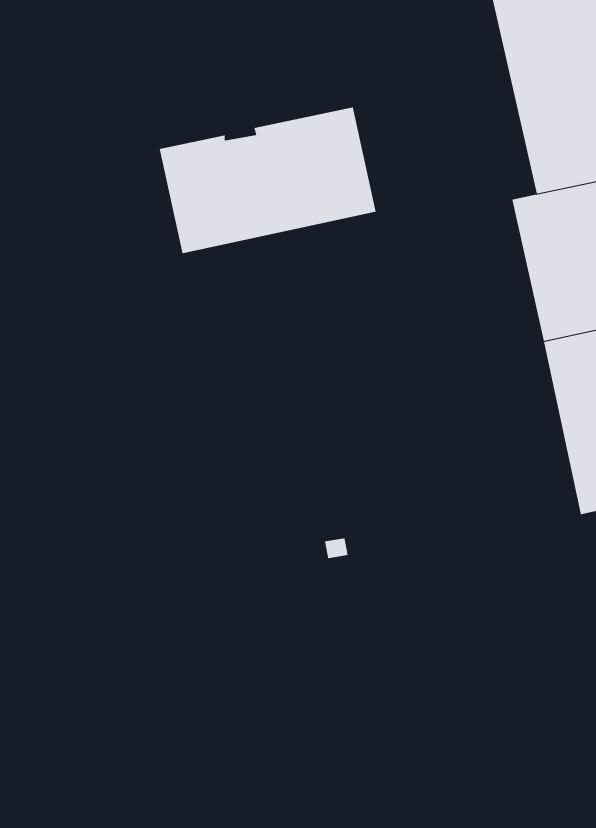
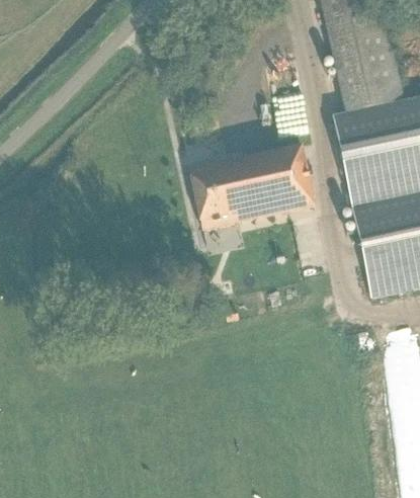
building: [159,107,376,254] -> [190,144,316,229]

